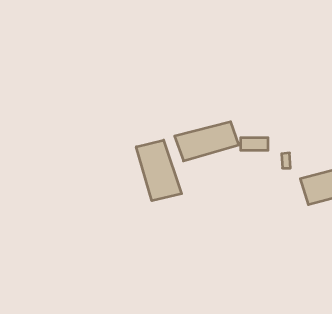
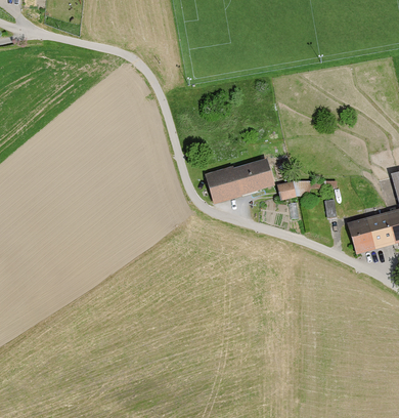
building: [136,140,182,201] -> none

